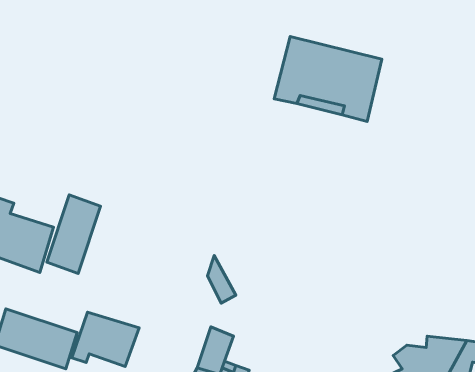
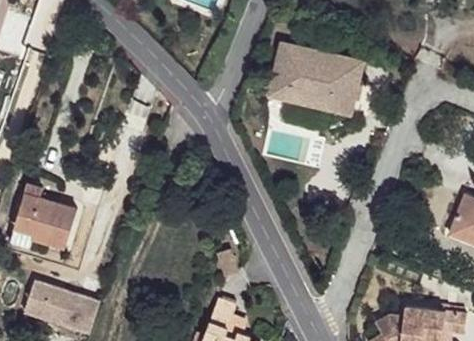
building: [47,195,101,273] -> none
building: [72,312,139,366] -> none

